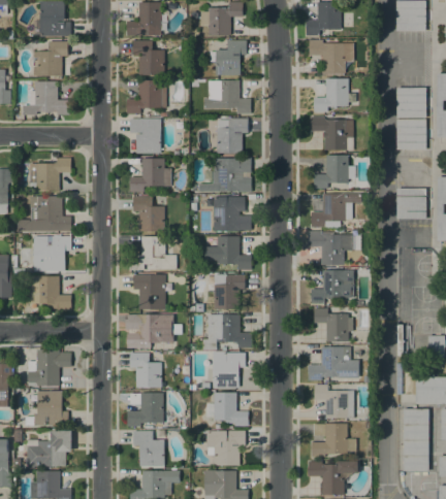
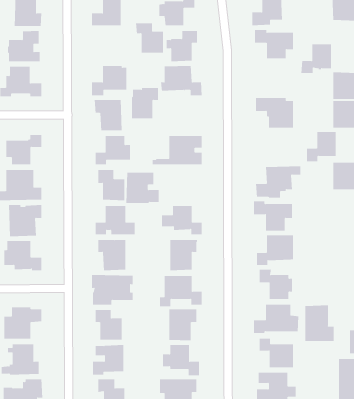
building: [132,40,164,74] -> [135,23,164,53]
building: [313,78,348,111] -> [300,44,332,73]
building: [217,118,248,153] -> [131,87,159,119]
building: [314,155,348,189] -> [306,132,337,162]
building: [213,196,251,231] -> [126,172,160,203]
building: none -> [305,305,334,342]

